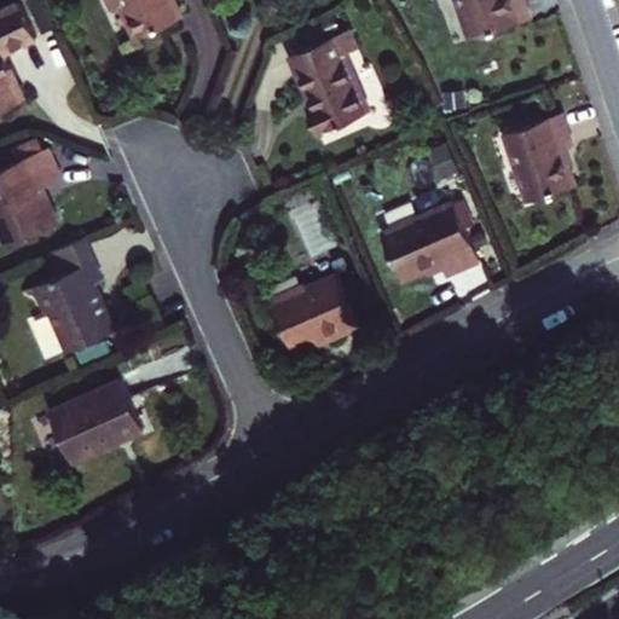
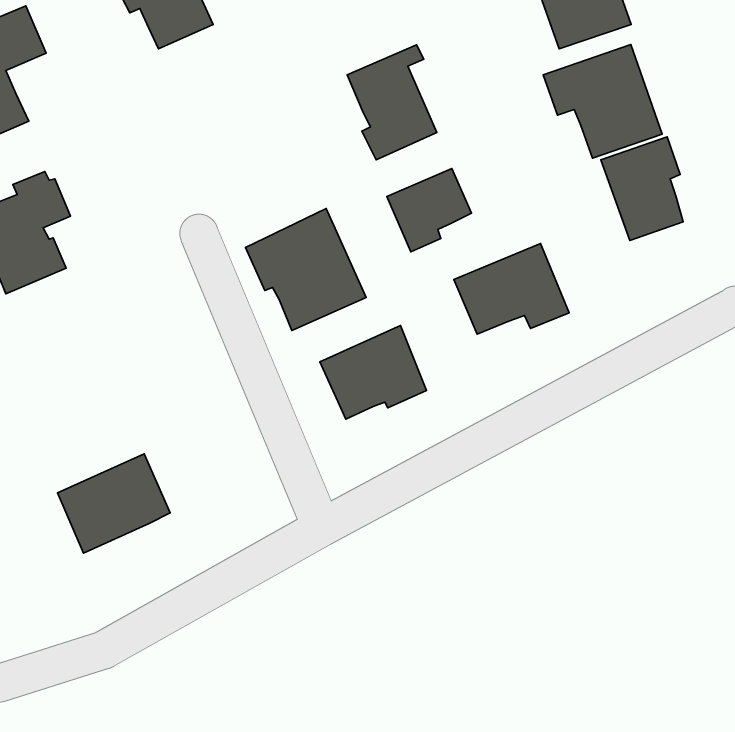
building: none -> [543,44,662,158]
building: none -> [387,168,471,252]
building: none -> [246,208,366,331]
building: [31,241,114,352] -> none

